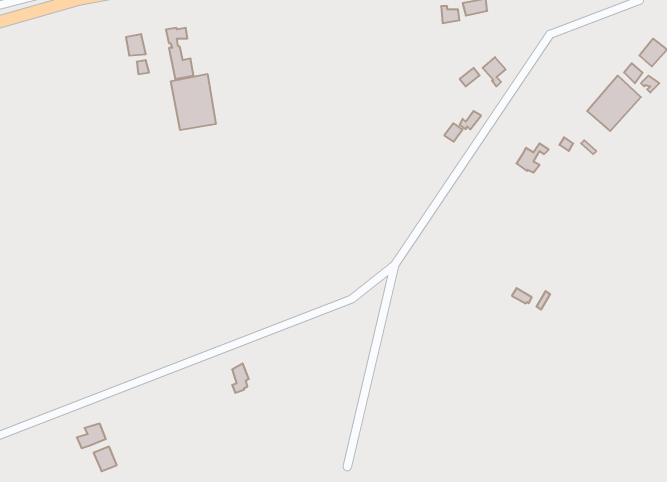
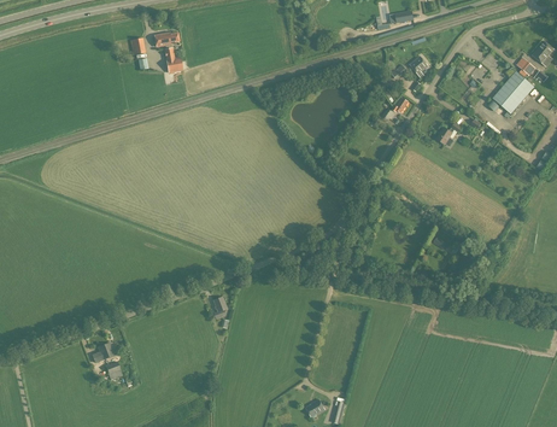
building: [171,74,216,130] -> none

